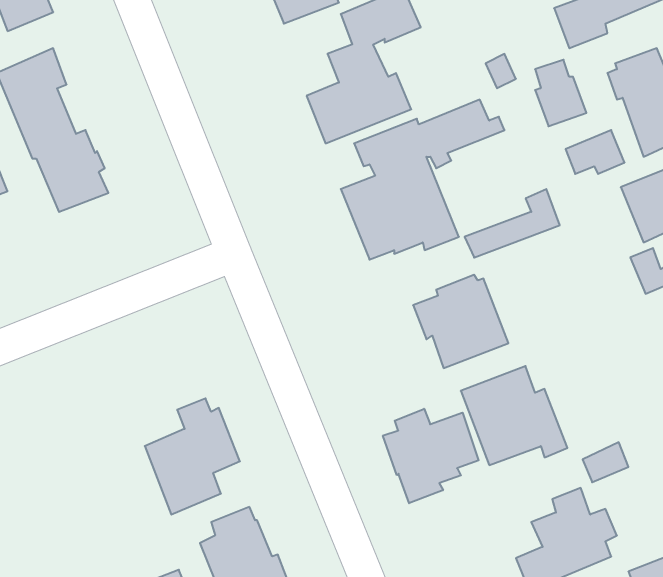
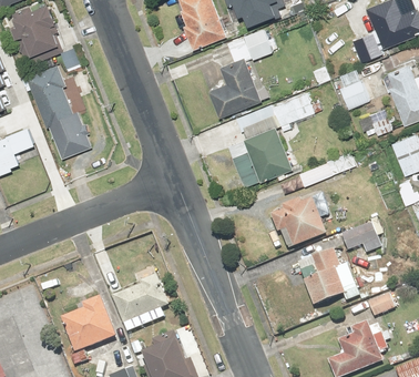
building: none -> [339,220,381,254]
building: [383,409,479,503] -> none
building: none -> [60,296,117,366]

